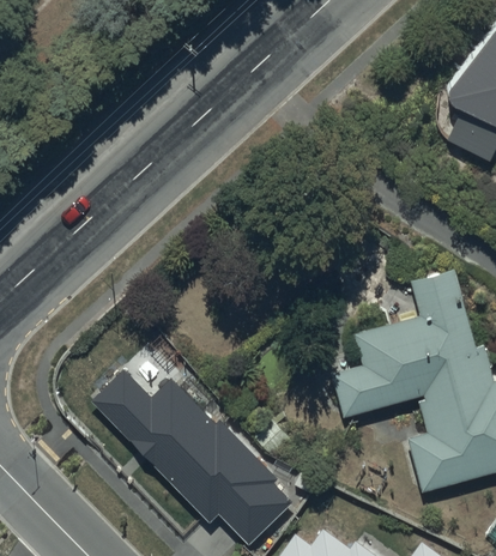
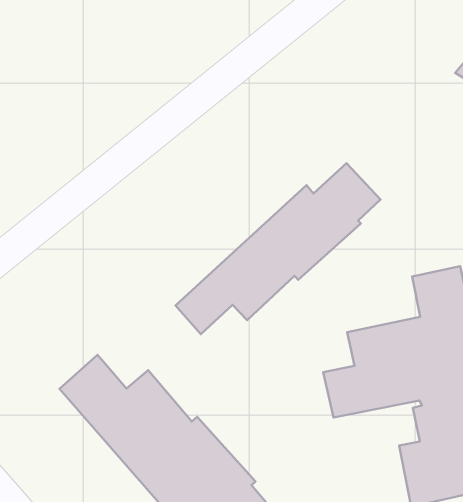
building: none -> [175,163,380,334]

